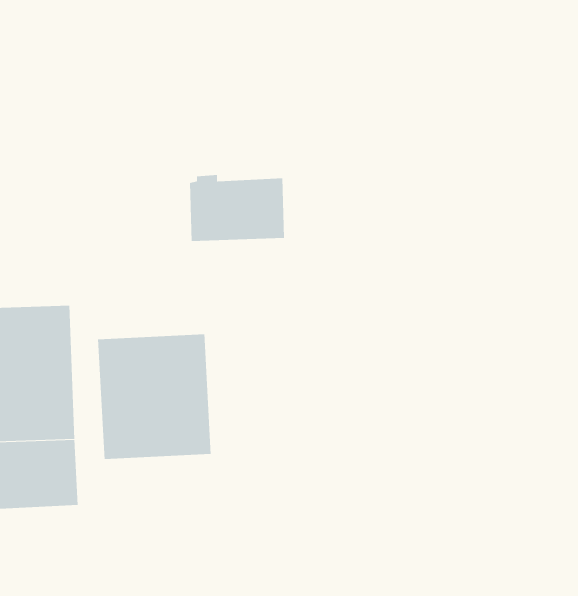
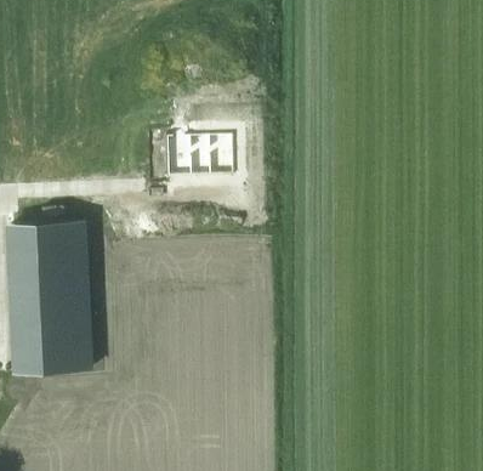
building: [98,333,211,460] -> none

